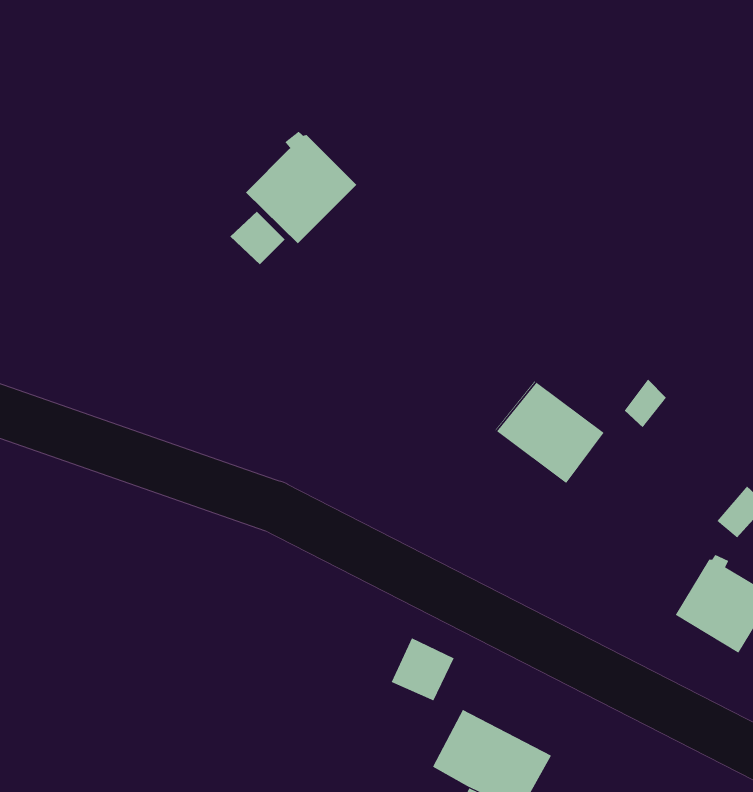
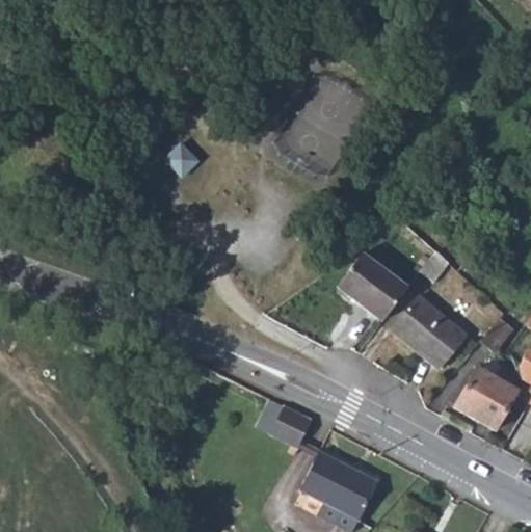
building: [245,131,357,244] -> none
building: none -> [393,294,464,365]

